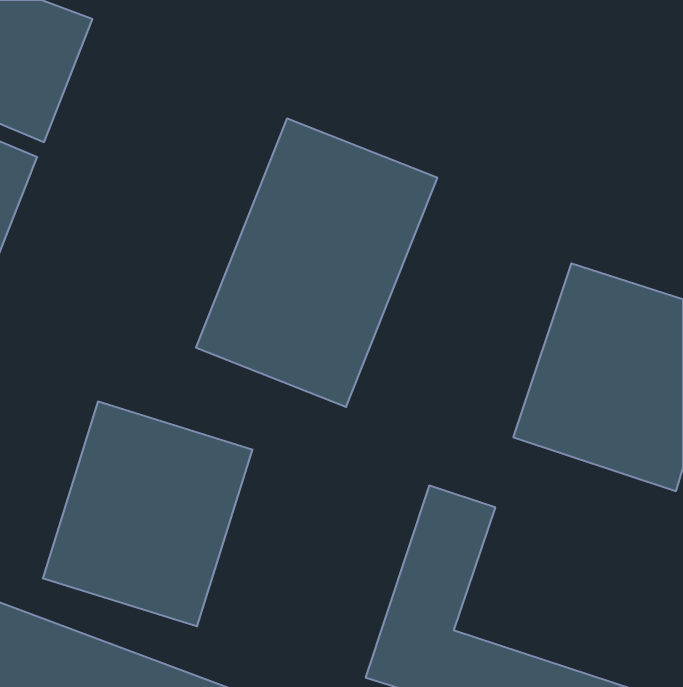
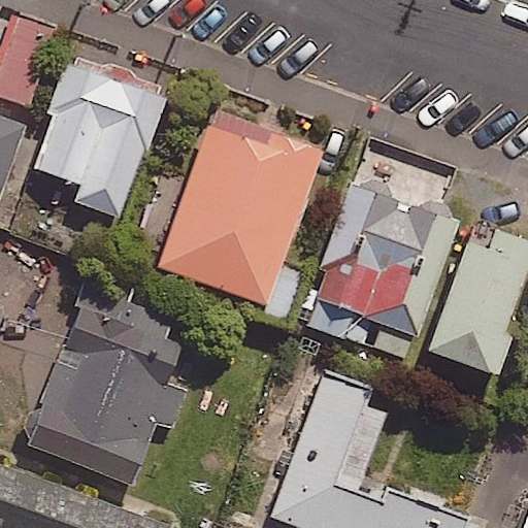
building: none -> [27,54,164,212]
building: none -> [303,179,420,339]

